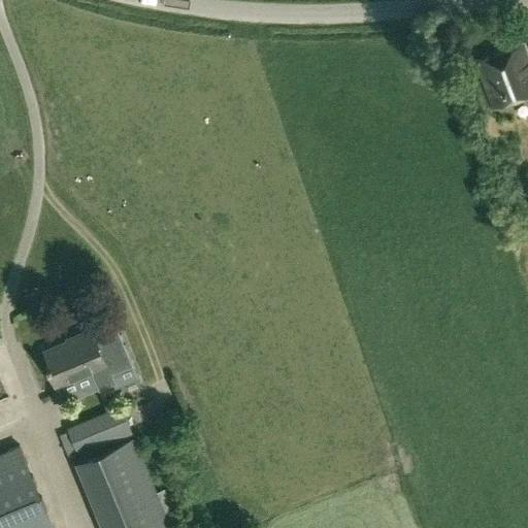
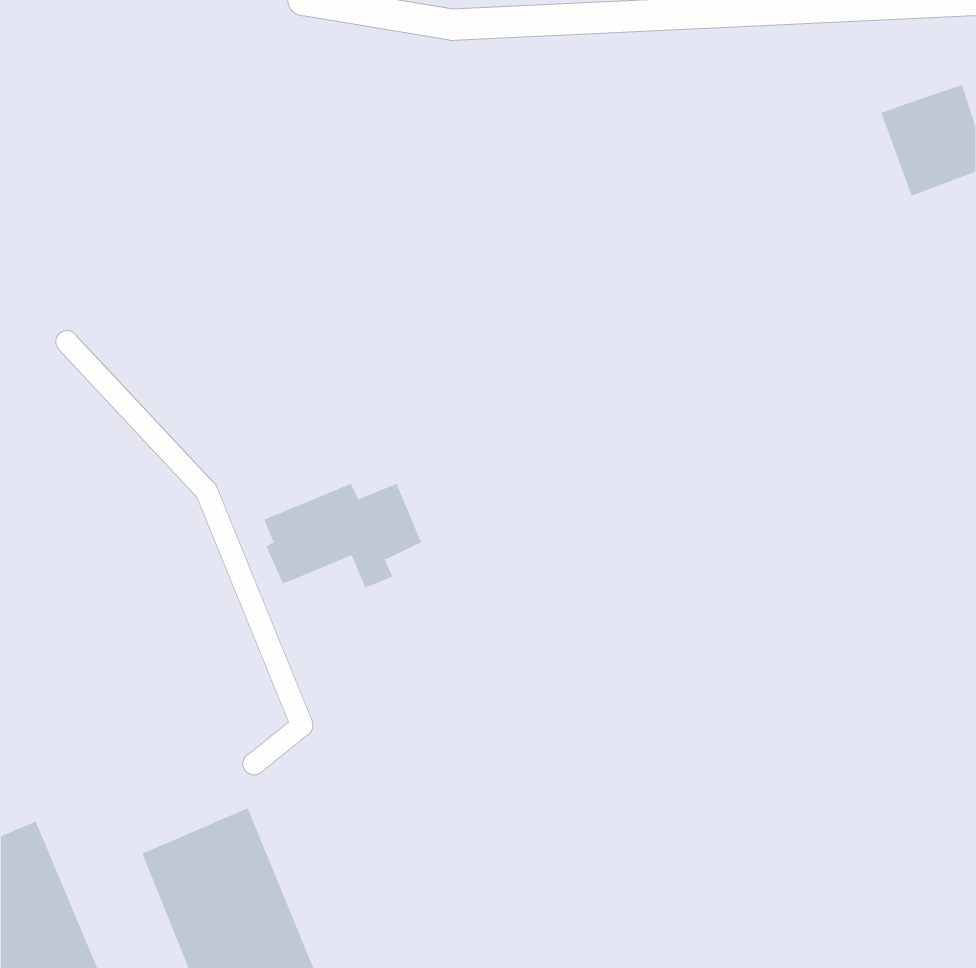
building: [44,334,130,391] -> [263,483,422,588]
building: [59,408,132,462] -> none

